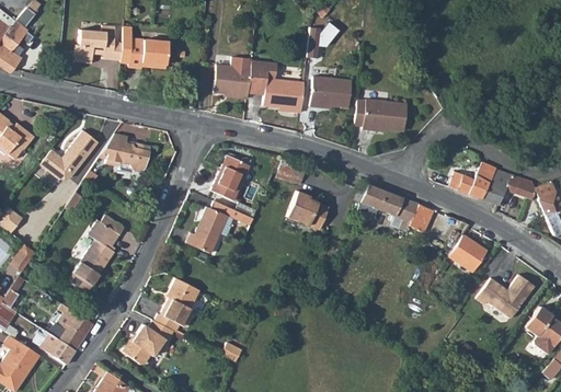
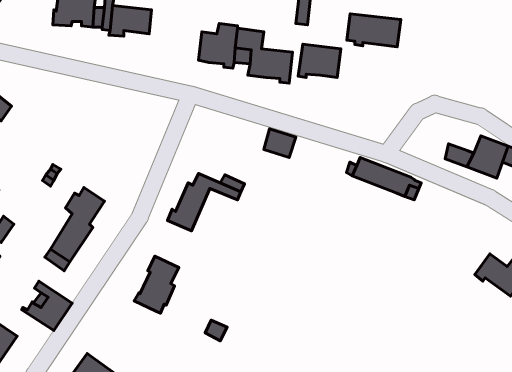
building: [354,101,405,132] -> [347,14,401,47]
building: [42,128,99,177] -> none
building: [100,132,148,171] -> none
building: [210,153,248,199] -> none
building: [287,191,330,230] -> none
building: [449,237,486,273] -> none
building: [119,321,173,365] -> none
building: [34,326,76,365] -> none

